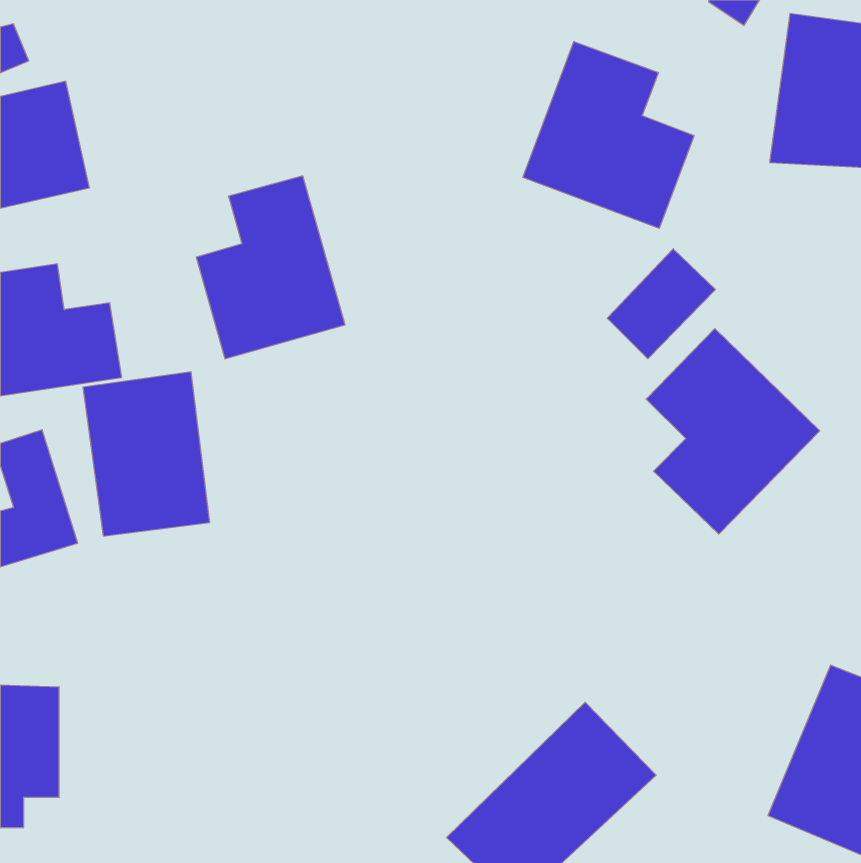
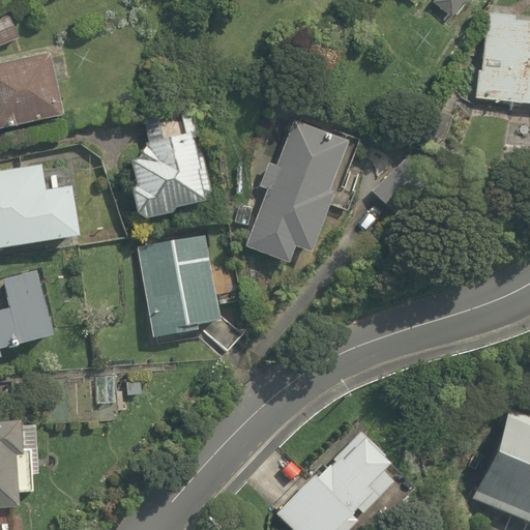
building: [523,41,694,228] -> none
building: none -> [241,121,365,262]
building: [646,329,820,534] -> none
building: [83,372,210,536] -> [140,234,217,334]

